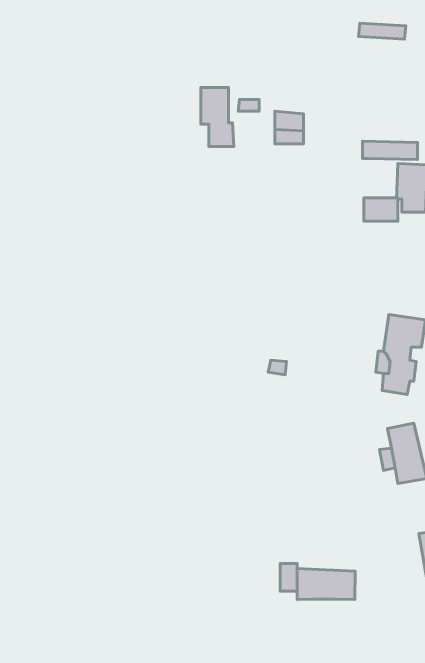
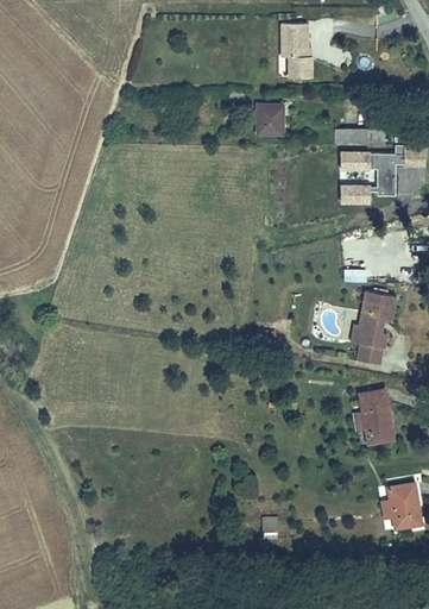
building: [201,87,234,146] -> [282,25,311,79]
building: none -> [340,151,371,171]
building: [297,569,355,599] -> none

